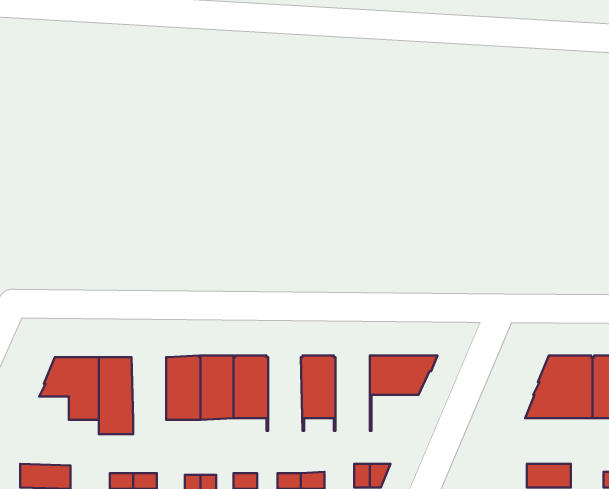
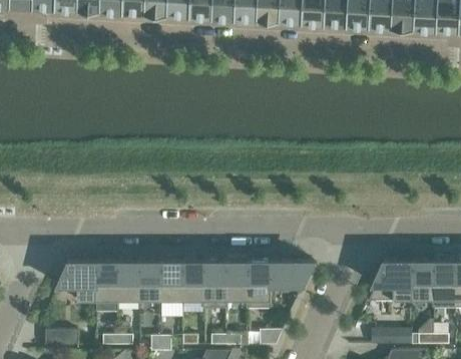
building: none -> [204,262,226,310]
building: none -> [248,262,270,310]
building: none -> [117,263,139,303]

